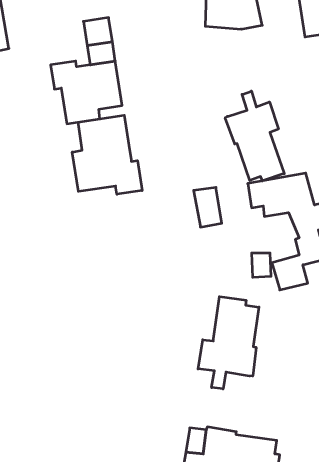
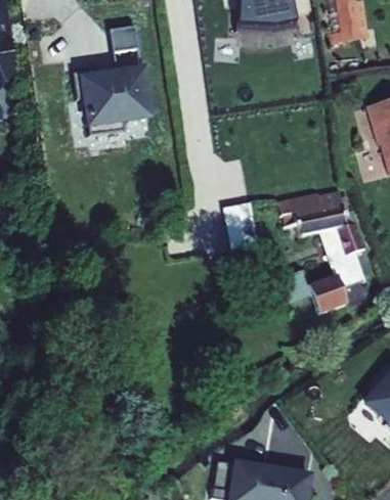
building: [225,91,284,181] -> none
building: [72,115,142,194] -> none
building: [198,297,259,389] -> none

